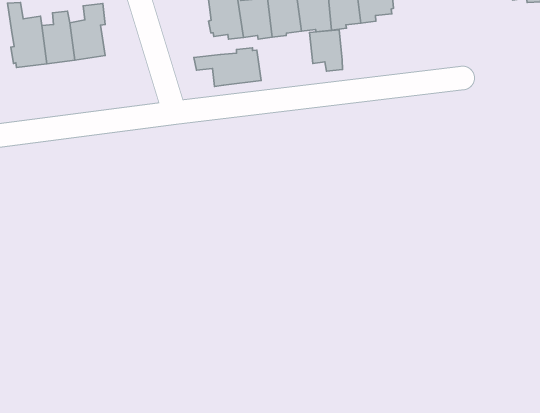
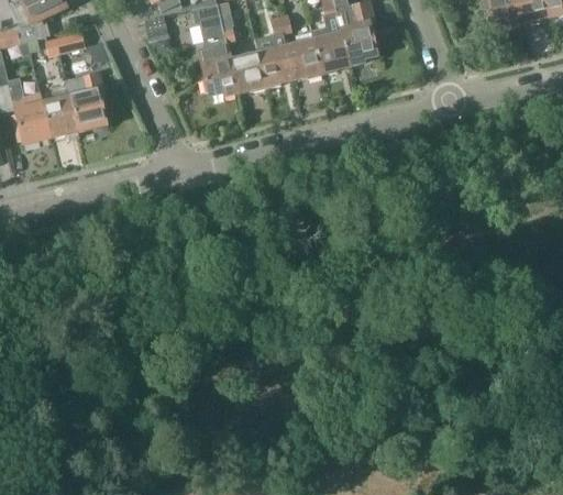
building: [310,30,342,71] -> none
building: [194,48,261,86] -> none

